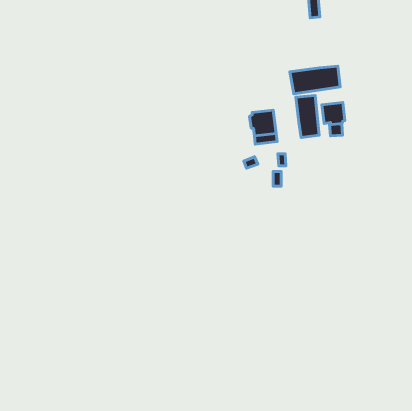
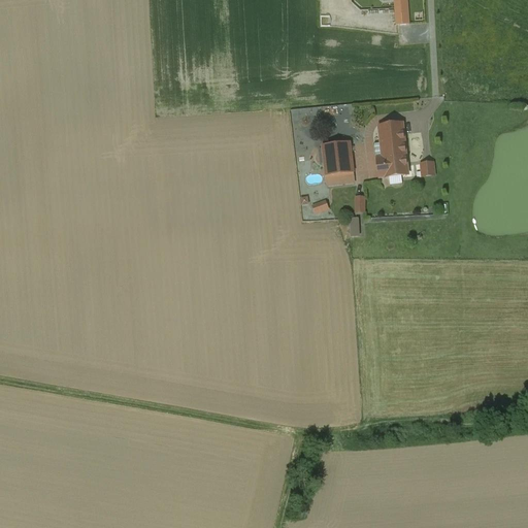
building: [290,66,340,94] -> none
building: [322,103,345,124] -> none

